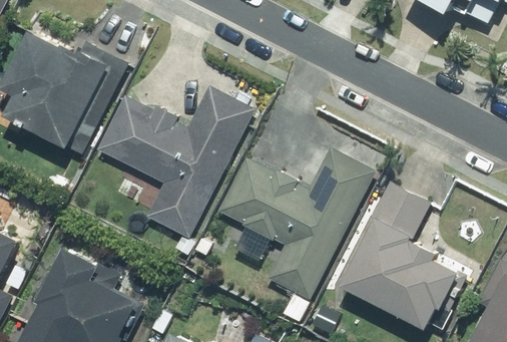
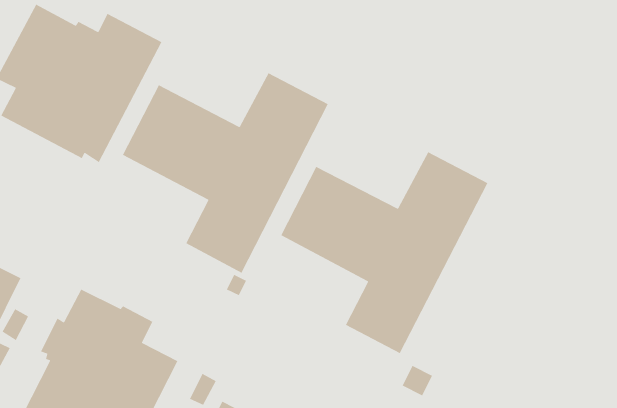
building: [343,182,461,332] -> none

